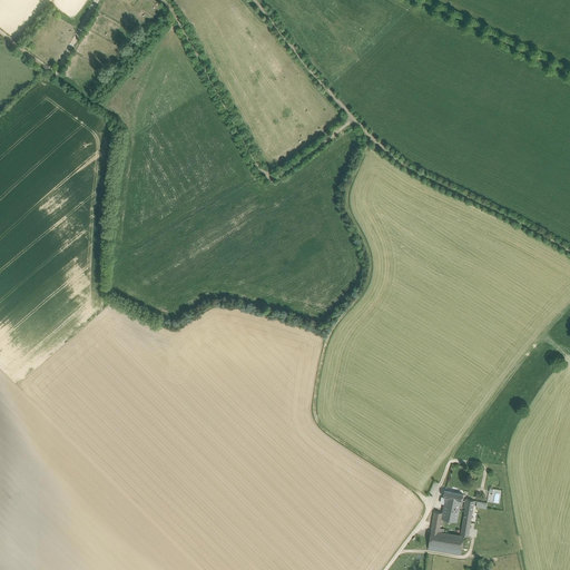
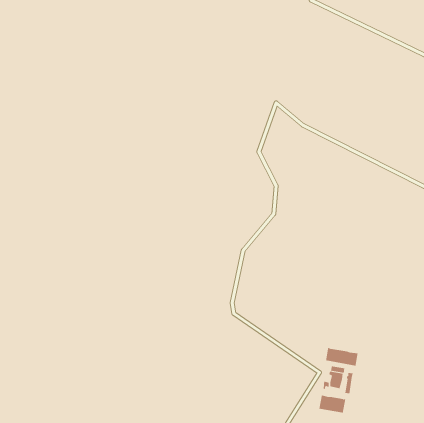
building: none -> [326,347,358,367]

